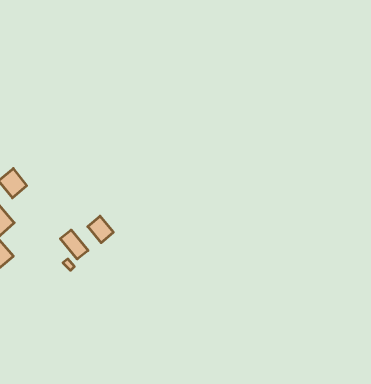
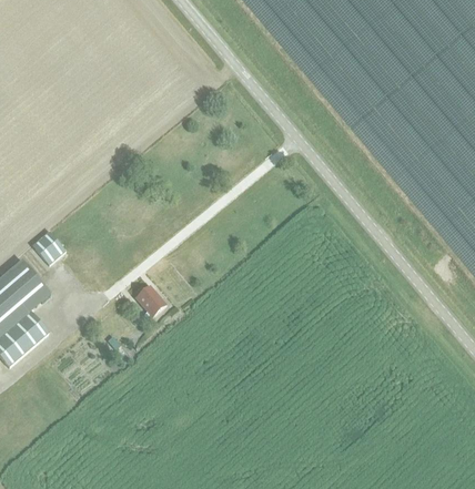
building: [60,230,88,259] -> none

